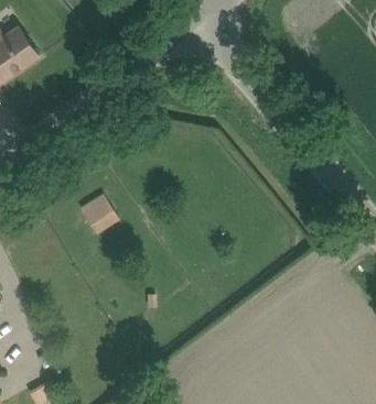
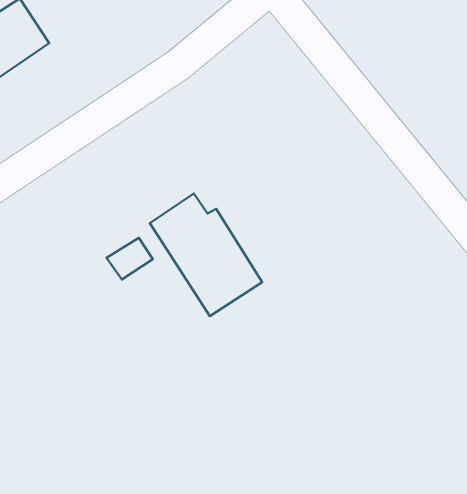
building: none -> [150,194,262,316]

